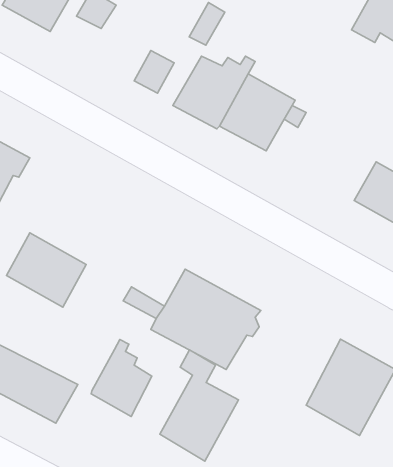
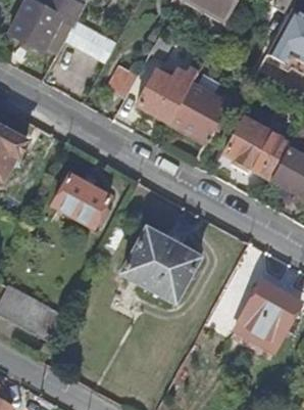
building: none -> [224,118,290,177]
building: [7,233,86,307] -> [52,174,111,229]
building: [91,340,152,417] -> none
building: [160,350,238,461] -> none

